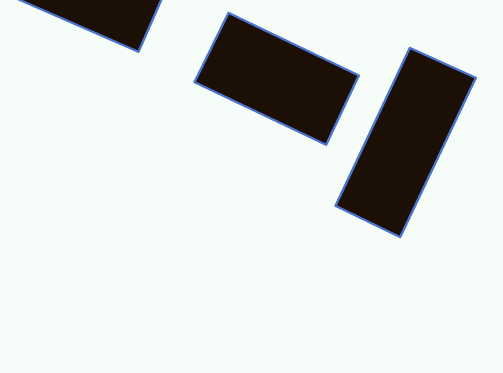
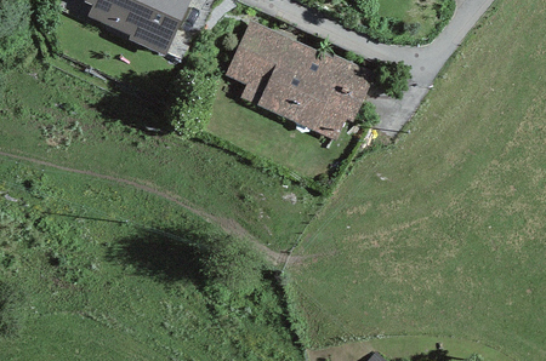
building: [336,48,476,237] -> none

